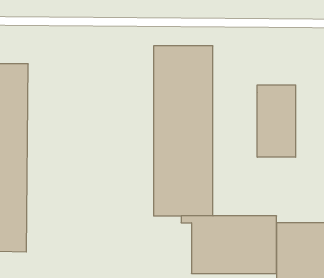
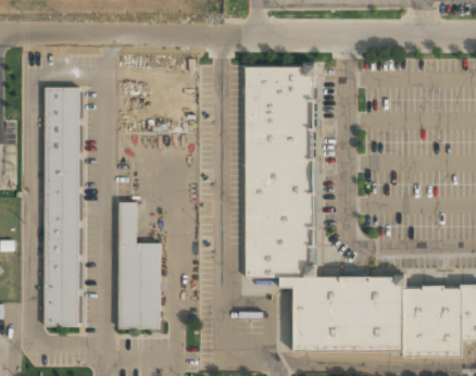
building: [257,85,296,157] -> none
building: none -> [116,202,160,327]

